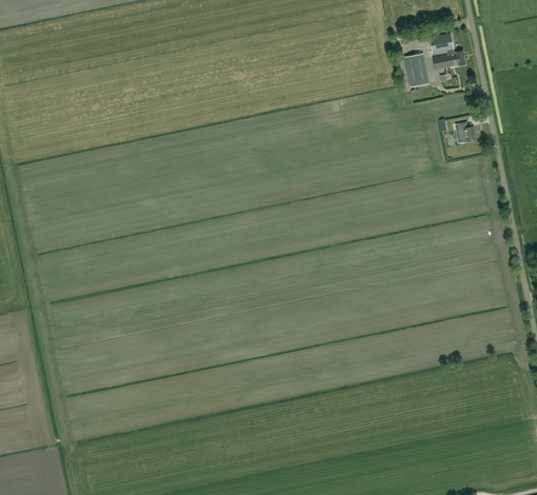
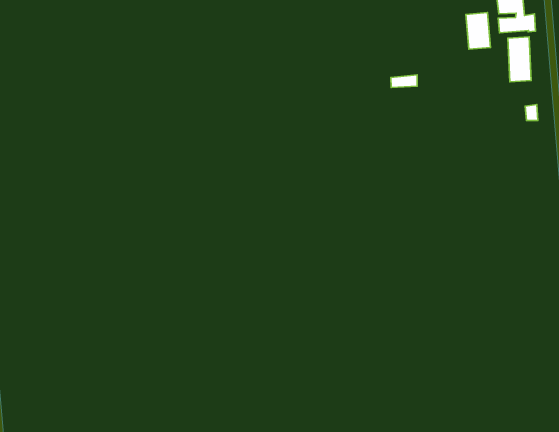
building: none -> [508,37,531,82]

